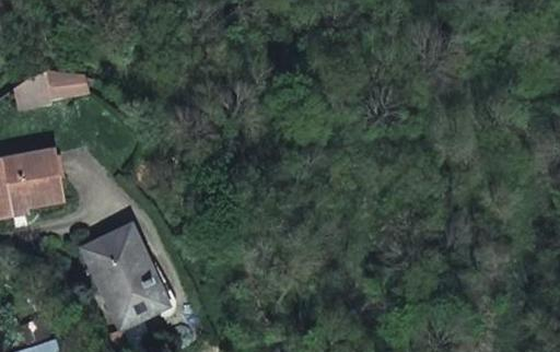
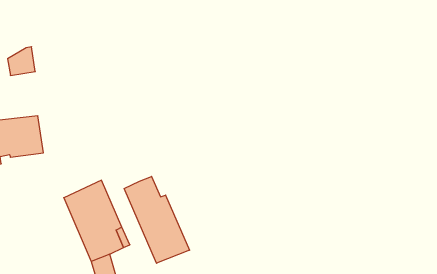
building: [47,68,92,101] -> none
building: none -> [124,176,190,263]

